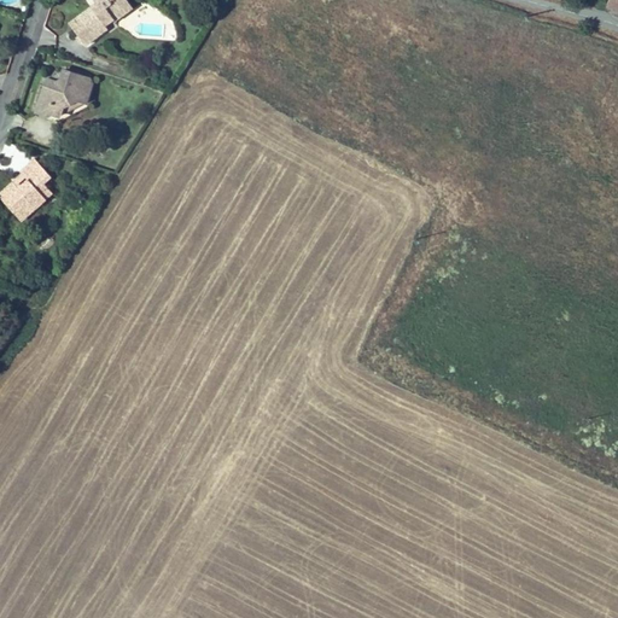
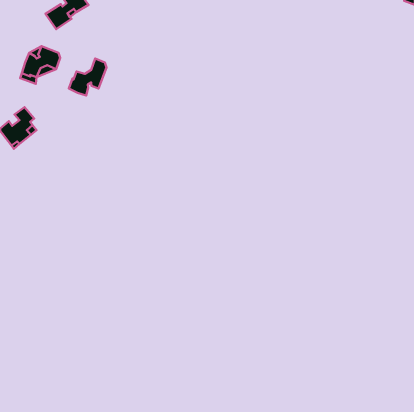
building: none -> [69,59,107,96]

